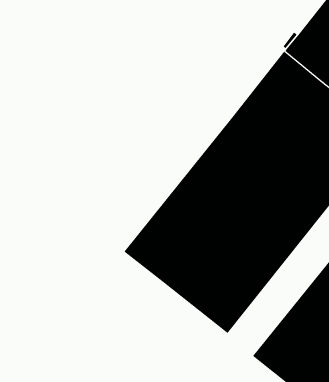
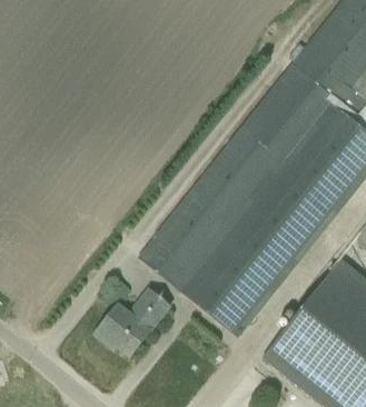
building: none -> [96,286,171,354]

